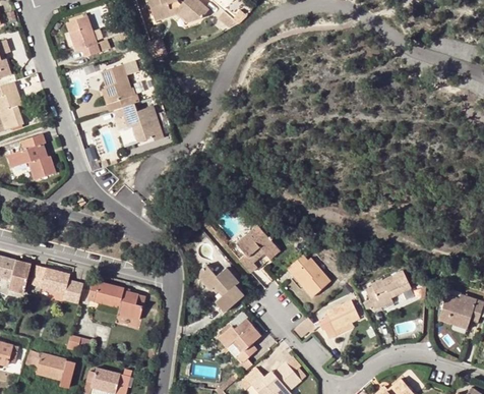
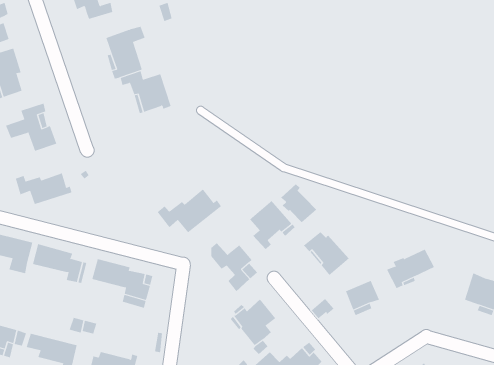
building: none -> [15,173,72,205]
building: none -> [280,184,317,223]
building: none -> [157,188,222,233]

